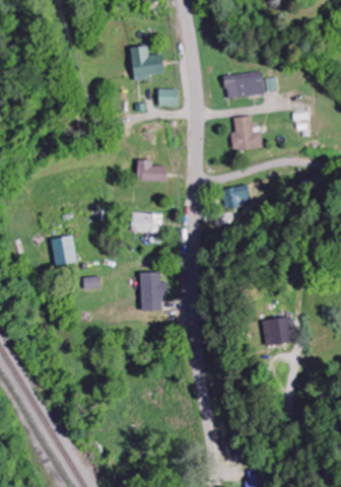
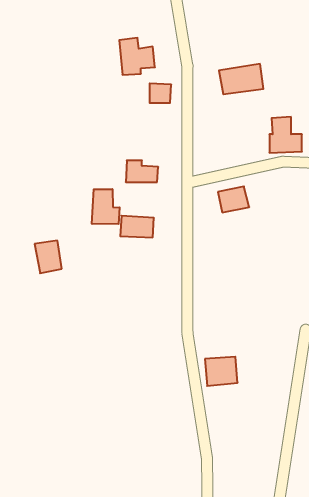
building: [231,116,262,149] -> [269,117,302,153]
building: none -> [92,189,120,224]
building: [140,272,162,310] -> none
building: [263,317,293,344] -> [205,357,238,386]

